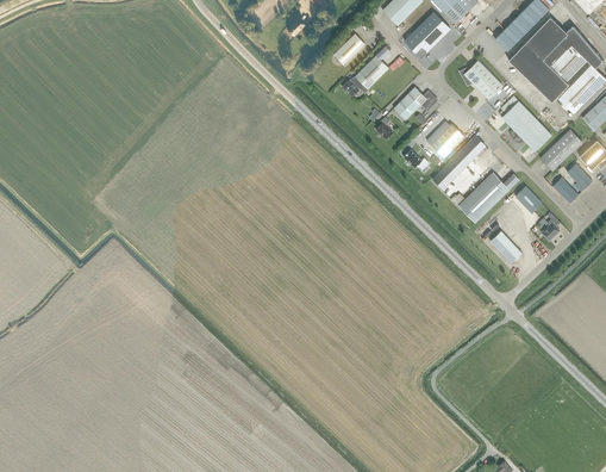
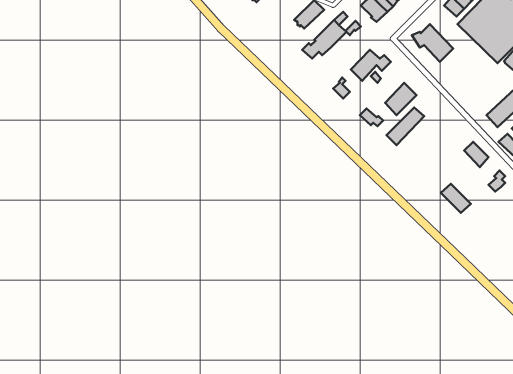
building: [499,95,551,151] -> none
building: [451,172,510,223] -> none

